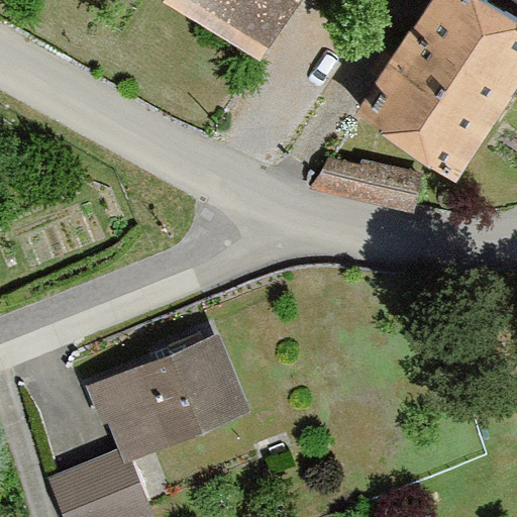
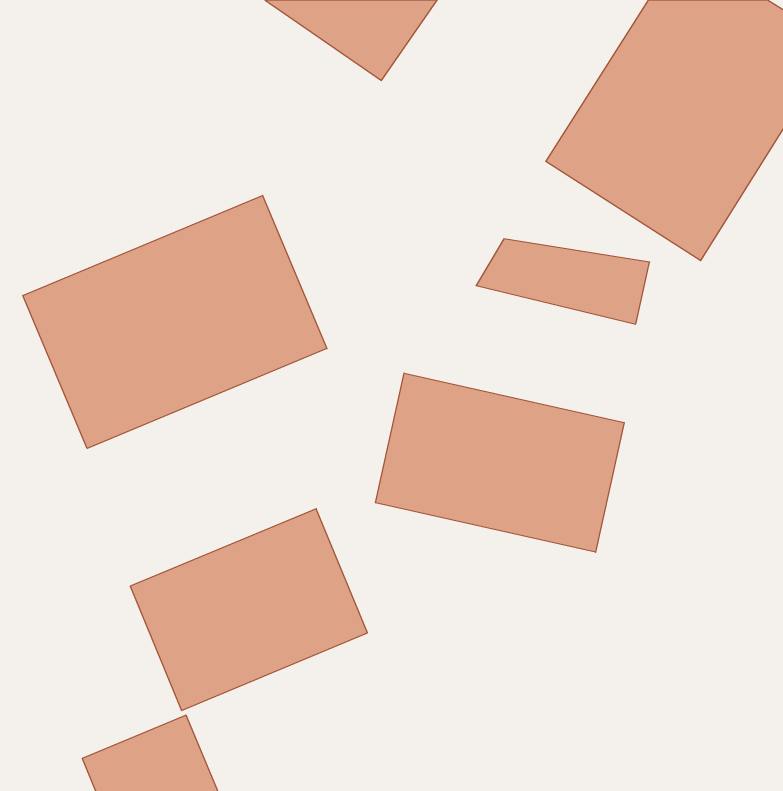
building: none -> [23,195,327,448]
building: none -> [375,373,624,552]

